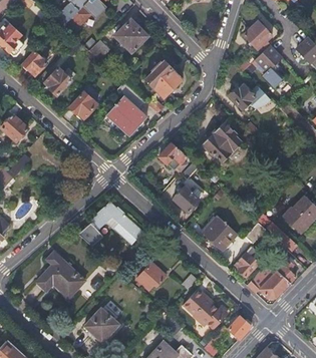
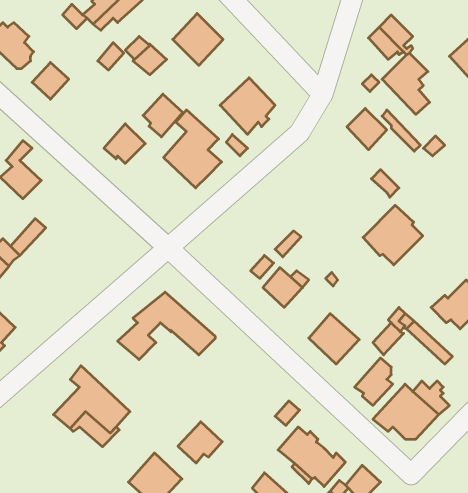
building: [44,68,70,96] -> [143,94,183,137]
building: [203,122,242,161] -> [363,205,423,265]
building: [154,138,188,170] -> none
building: [136,263,166,290] -> [178,422,222,463]

